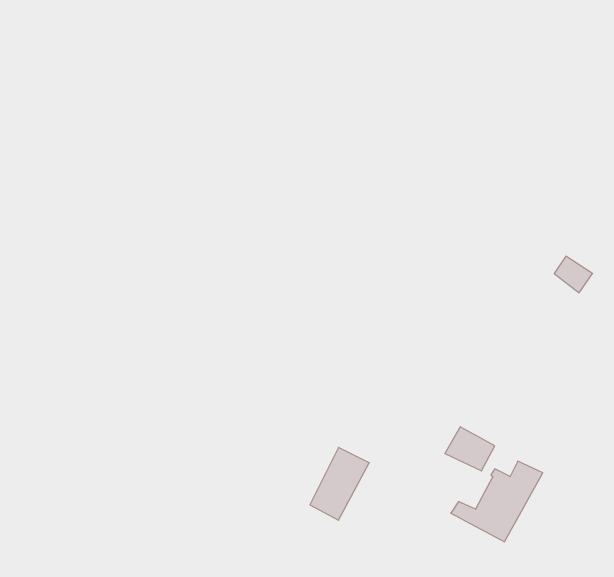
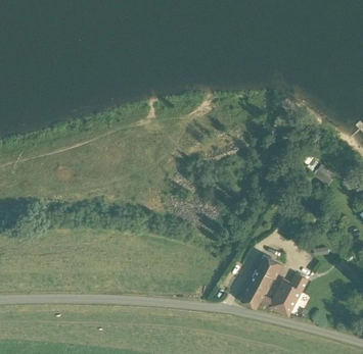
building: [310,447,369,520] -> [240,269,272,308]

